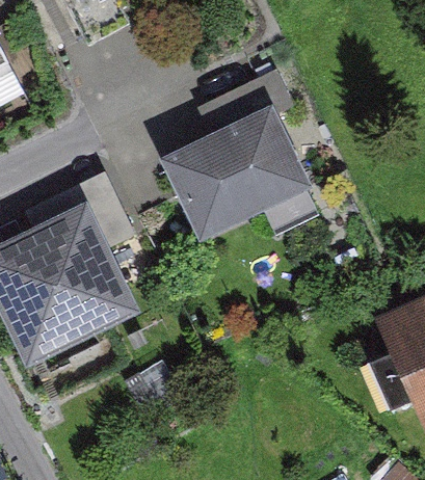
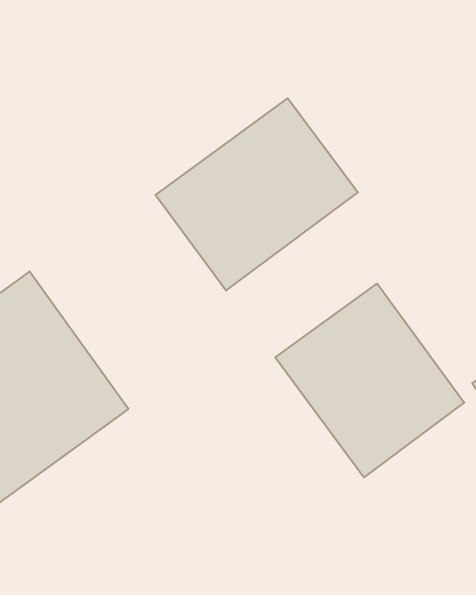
building: none -> [275,284,464,477]

